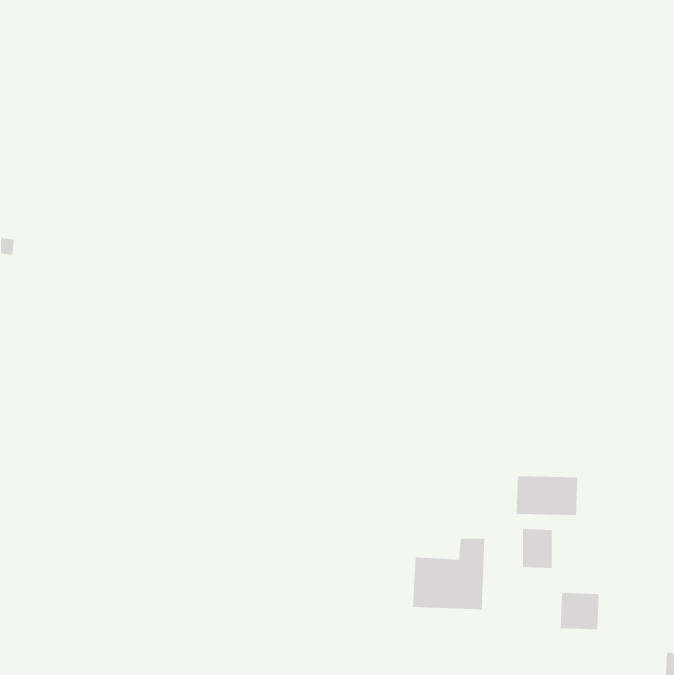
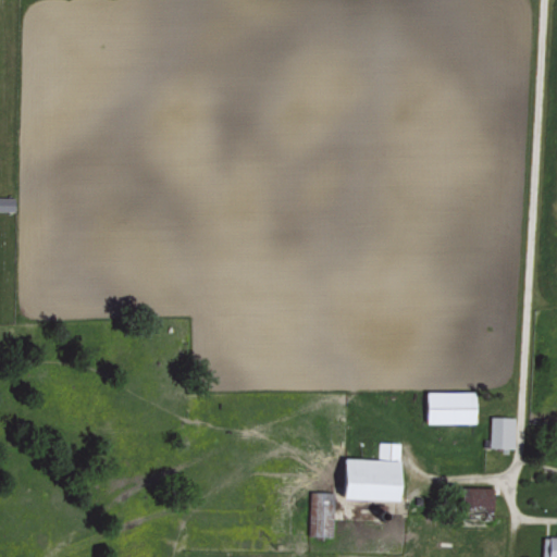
building: [522,529,553,568] -> [492,418,517,450]
building: none -> [310,493,336,539]

